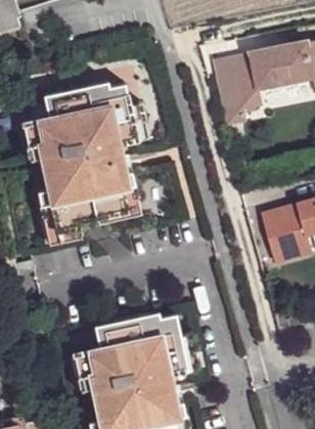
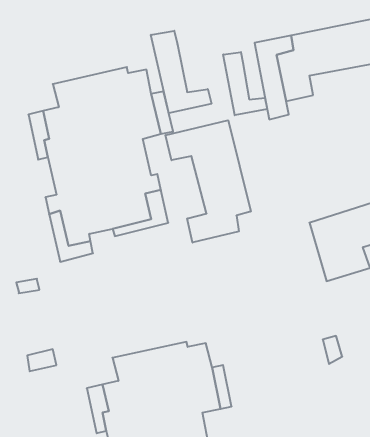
building: none -> [151,31,211,113]
building: none -> [223,52,267,115]
building: none -> [166,120,251,243]

